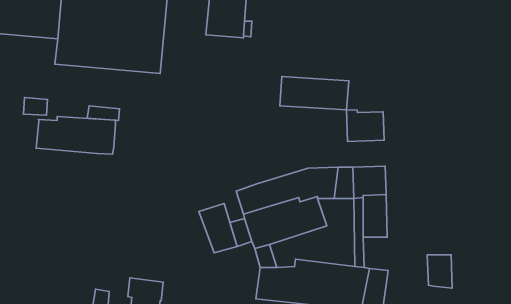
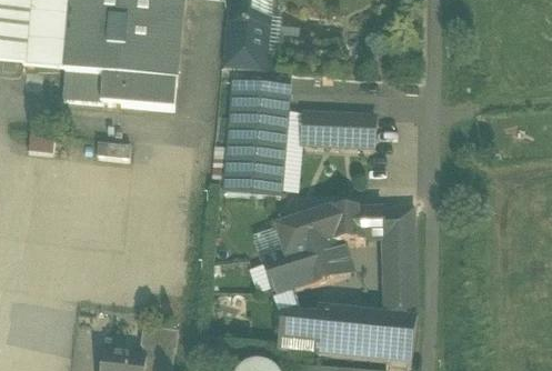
building: none -> [224,80,289,195]
building: [347,110,384,141] -> none
building: [36,116,116,154] -> none
building: [199,204,237,253] -> none
building: [427,255,452,288] -> [390,281,416,317]

